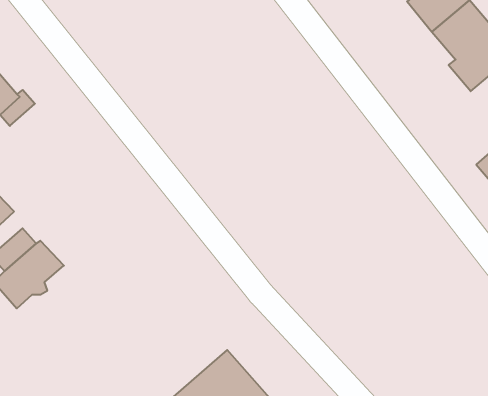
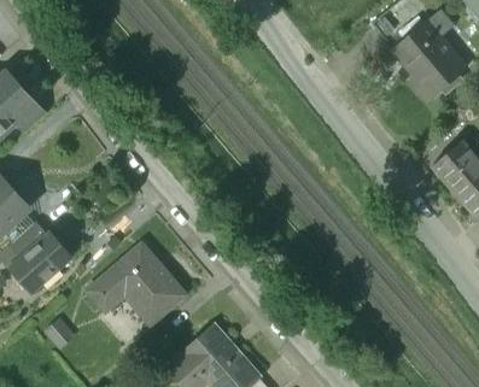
building: none -> [88,245,183,322]

